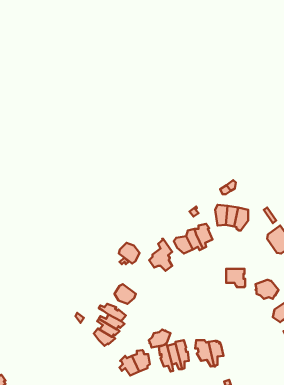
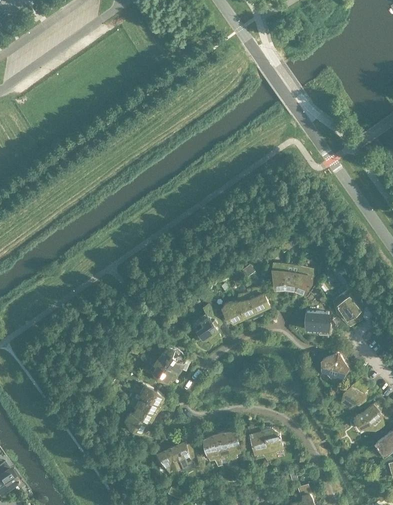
building: [119,243,140,264] -> [159,346,184,371]
building: [226,269,245,287] -> [305,312,328,334]
building: [149,329,171,347] -> none

